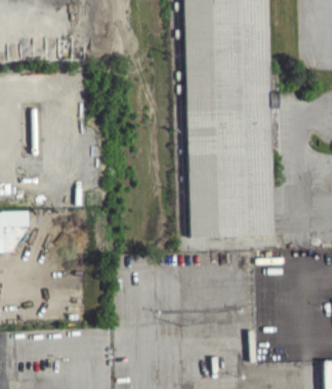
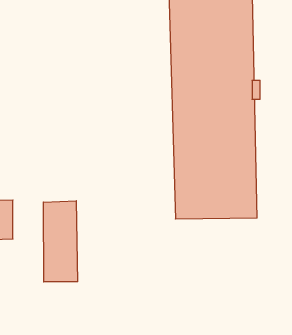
building: none -> [43,201,78,282]

